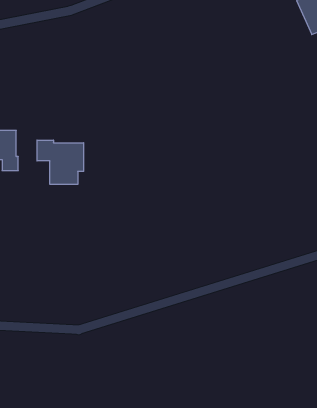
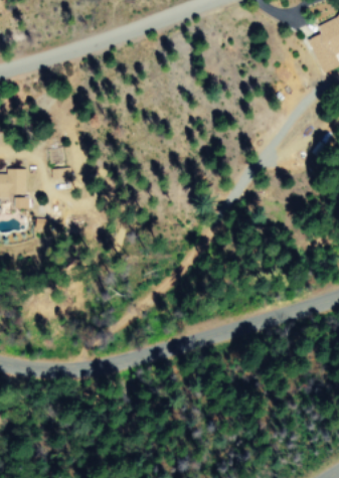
building: [37,140,84,184] -> none

